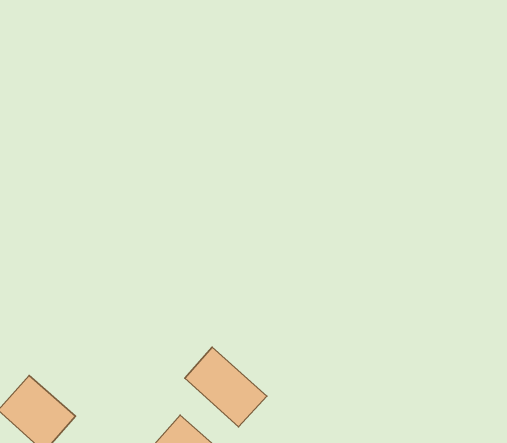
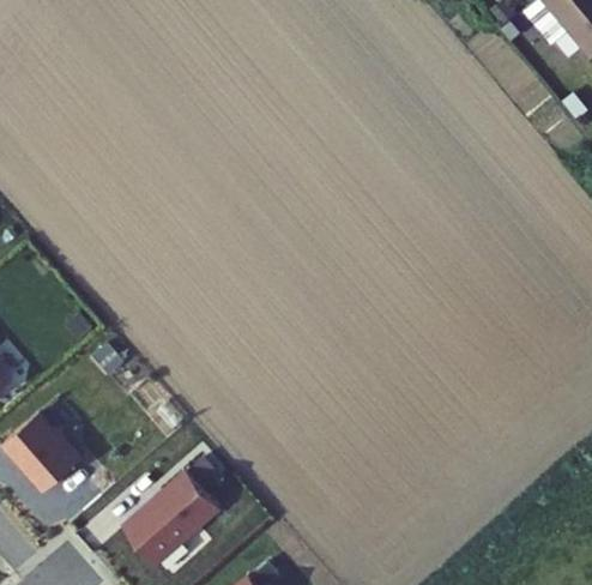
building: [185,347,267,427] -> none

